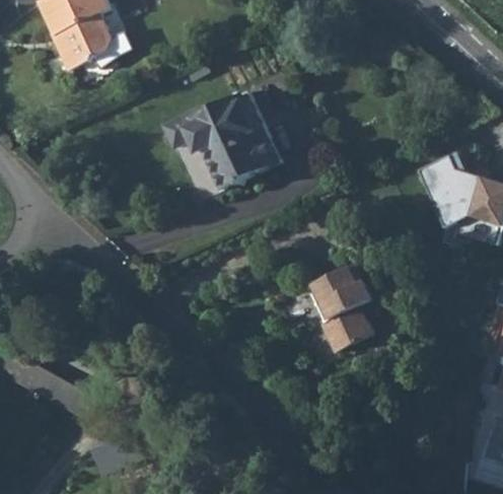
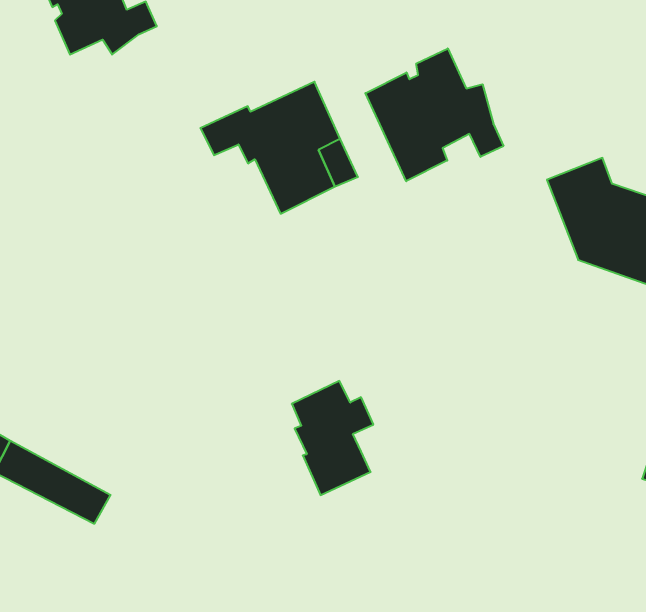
building: none -> [365,48,503,181]
building: [309,267,370,352] -> [292,381,373,495]

